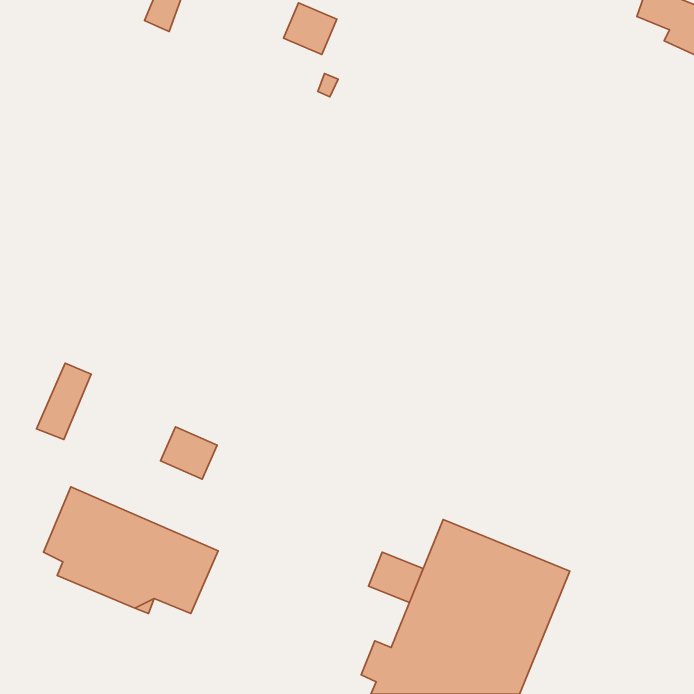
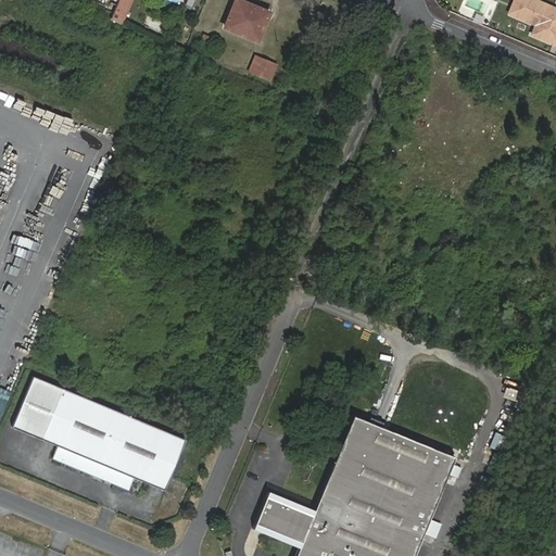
building: [37,363,91,440] -> [15,379,59,440]
building: [160,427,217,479] -> none
building: [369,552,423,603] -> [257,497,301,538]

